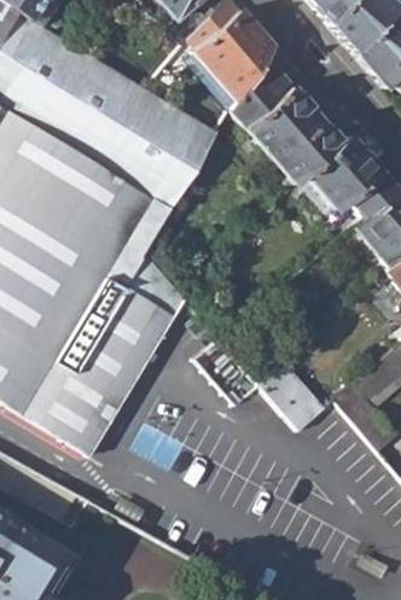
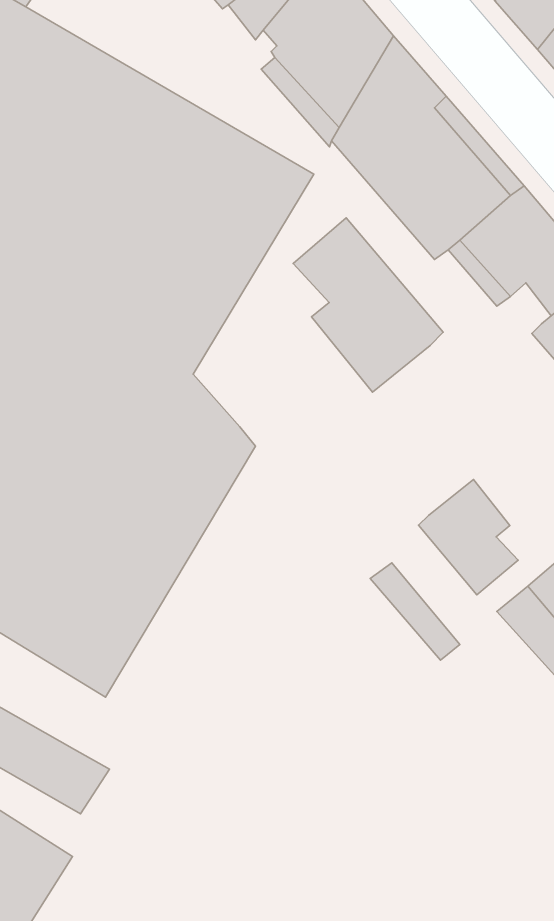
building: none -> [293,218,443,392]
building: none -> [419,479,518,595]

